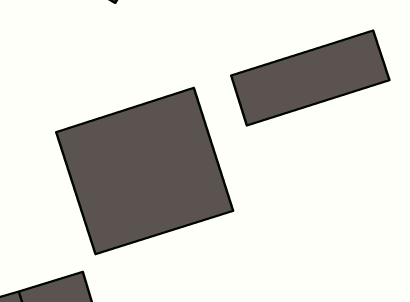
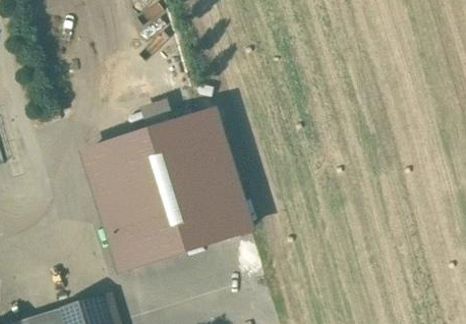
building: [231,30,390,126] -> none

